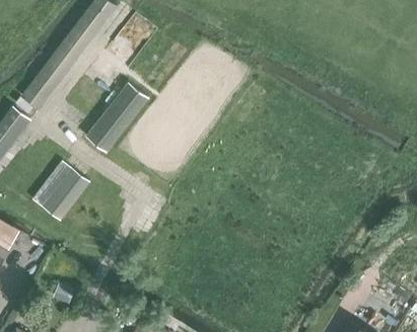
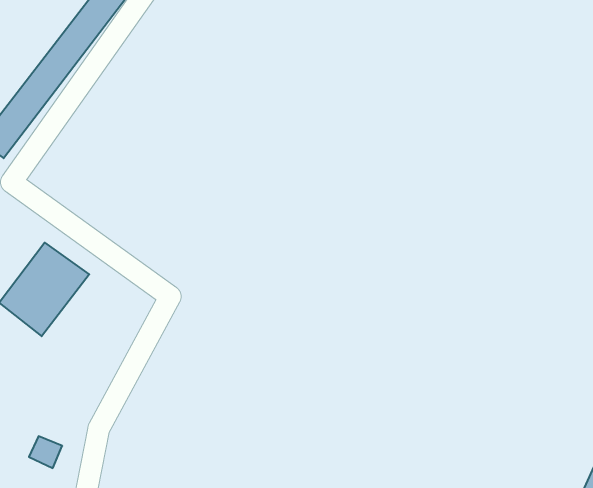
building: [87,83,149,153] -> none

